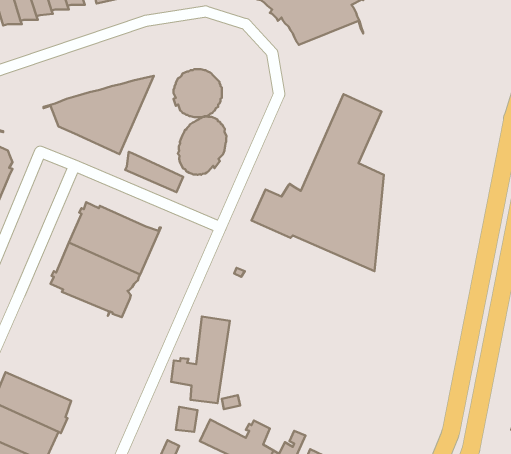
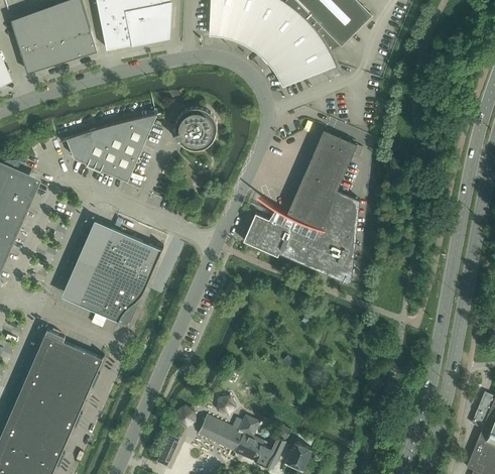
building: [178,116,226,175] -> none
building: [125,152,183,192] -> none
building: [171,317,230,403] -> none
building: none -> [27,333,104,398]

